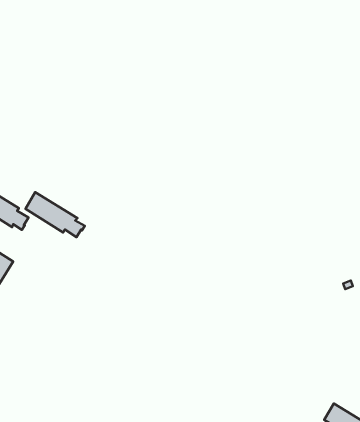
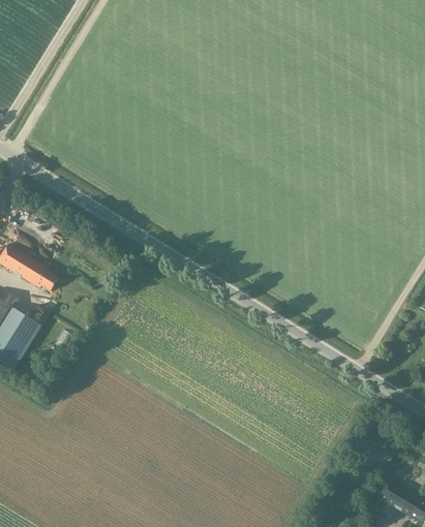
building: [25,192,85,237] -> none

